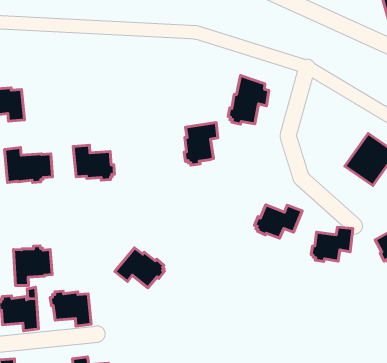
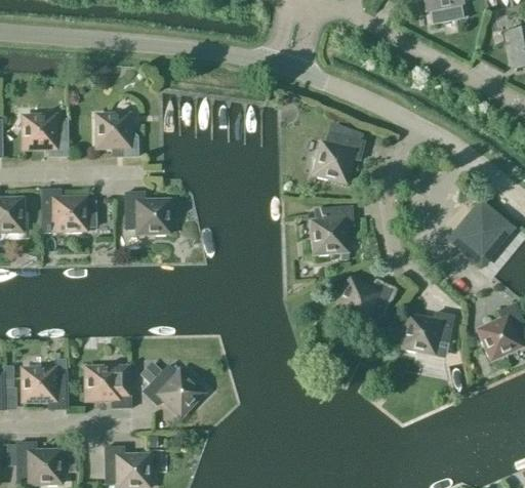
building: none -> [94,111,137,155]
building: [184,123,218,165] -> [311,205,353,254]
building: [14,246,52,286] -> none
building: [115,248,164,288] -> [143,364,202,413]

